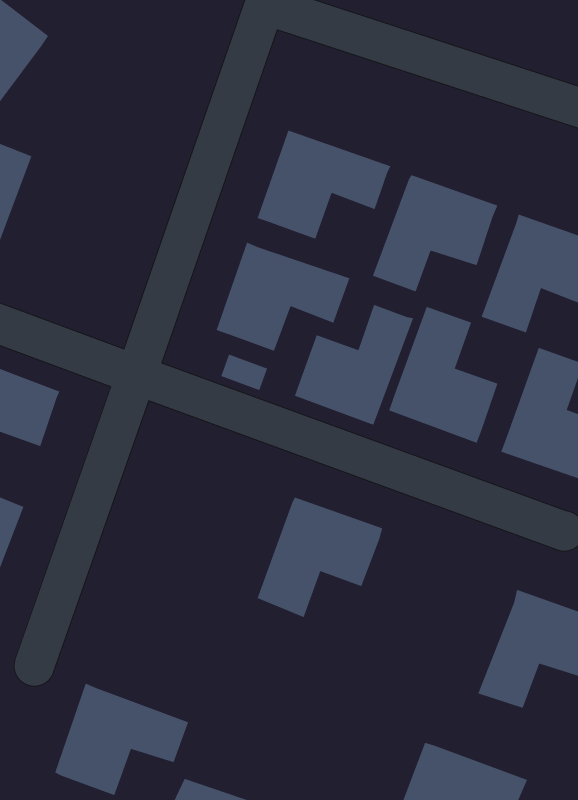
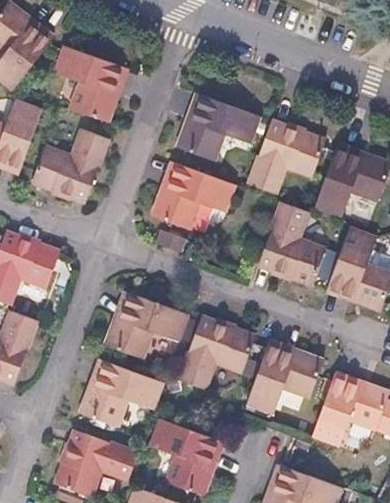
building: none -> [54,45,125,122]
building: none -> [31,129,107,202]
building: [294,304,414,426] -> none
building: none -> [106,290,189,359]
building: none -> [246,340,324,413]
building: none -> [80,359,163,427]
building: none -> [150,418,222,495]

